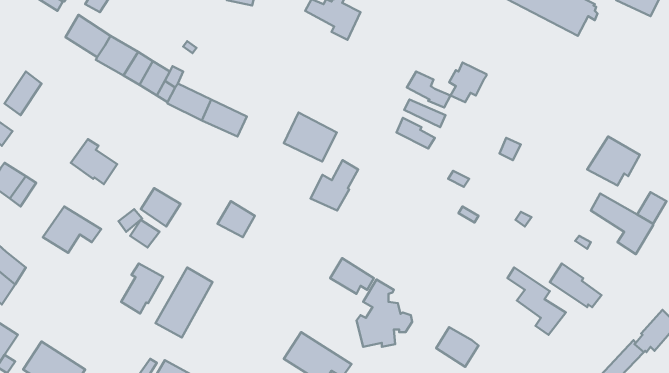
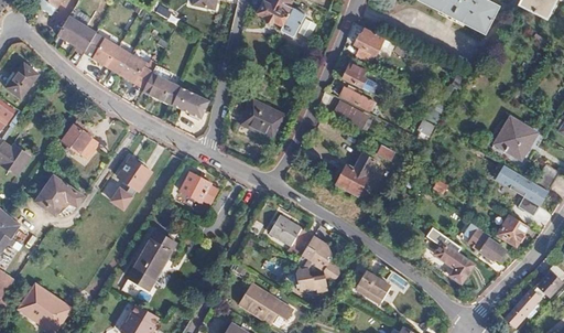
building: [449,62,486,102] -> [351,26,382,60]
building: [311,160,358,211] -> [334,151,373,193]
building: none -> [495,213,525,240]
building: [121,263,163,313] -> none

